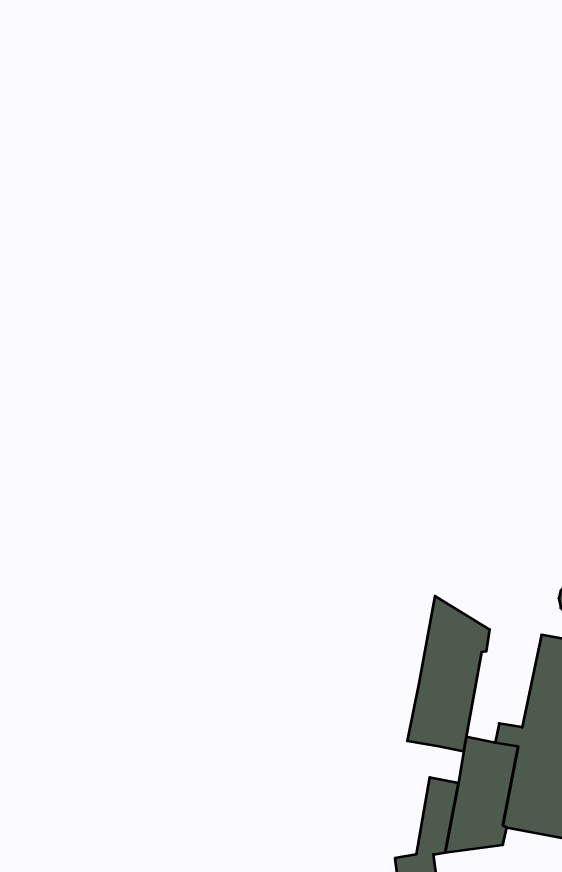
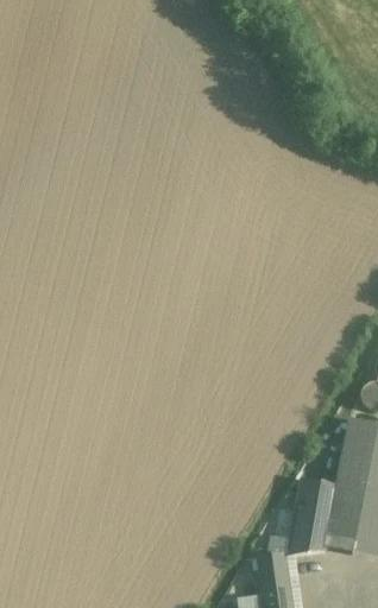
building: [407,596,490,752] -> none

